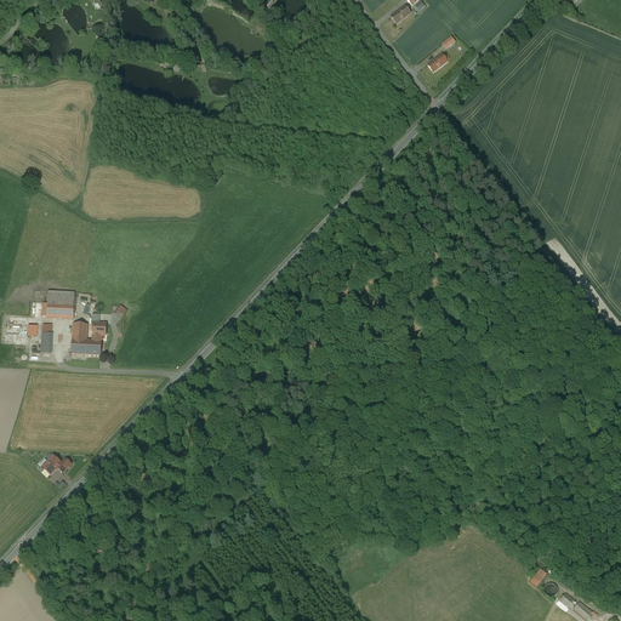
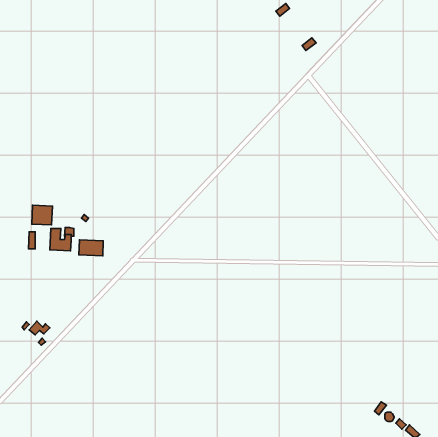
building: none -> [79,240,103,256]

